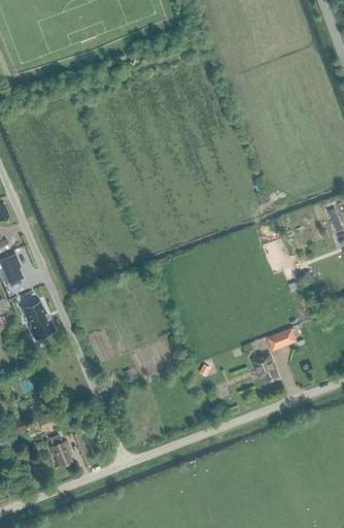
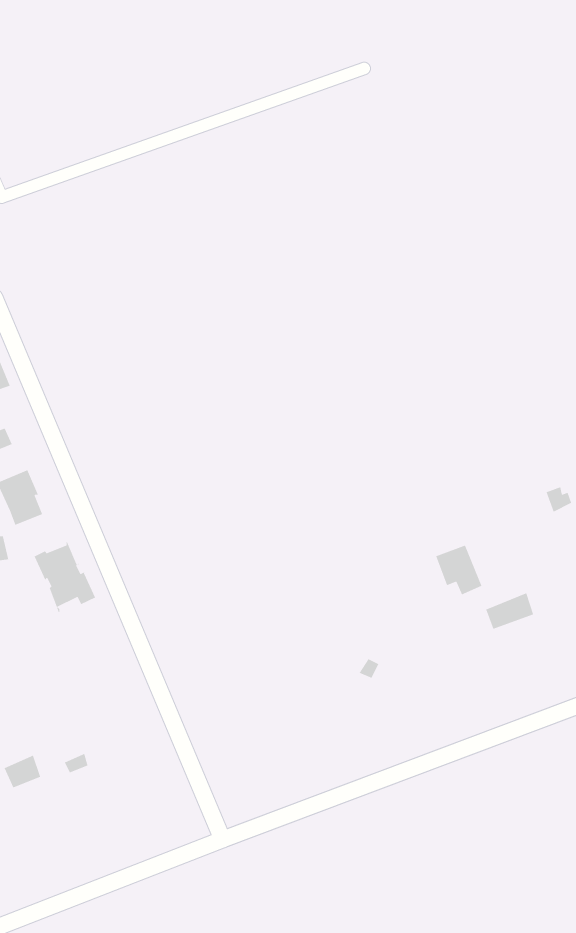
building: [252,354,278,382] -> [435,545,482,596]
building: [49,434,71,465] -> none

